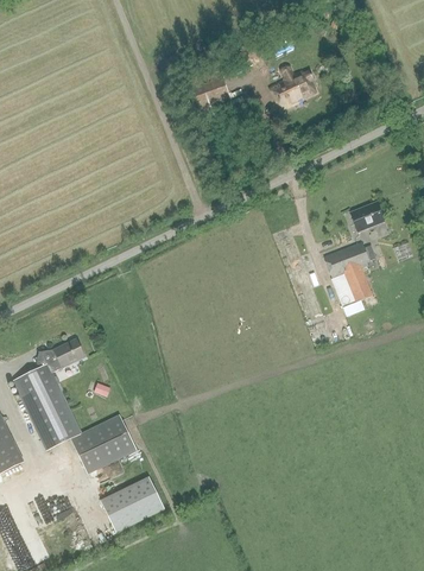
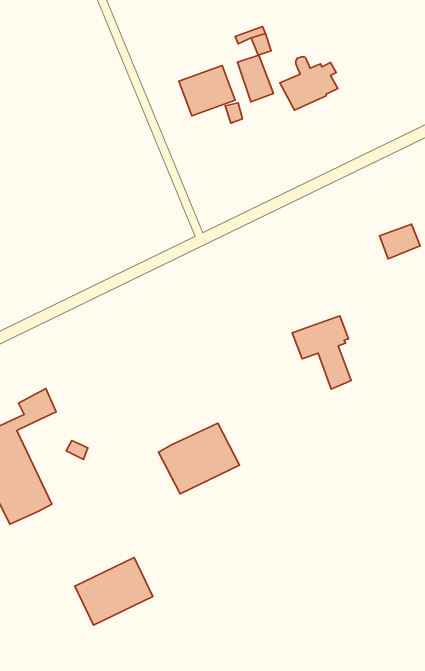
building: none -> [238,55,273,102]
building: [323,241,372,302] -> [292,316,351,389]
building: [70,414,137,472] -> [159,423,240,494]

